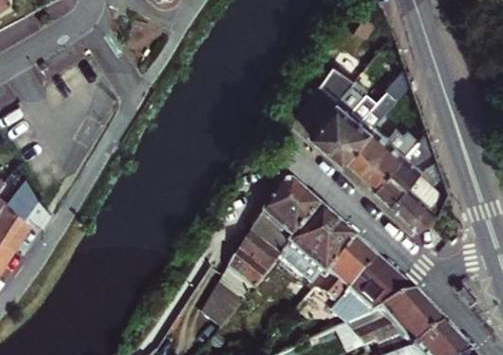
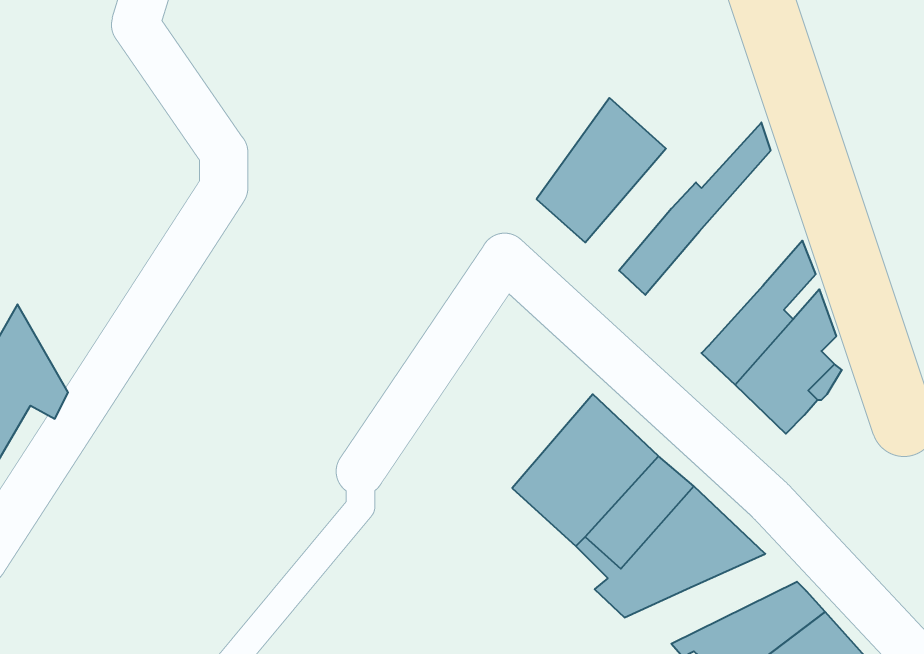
building: [315,80,375,145] -> none
building: [347,119,431,185] -> none
building: [194,187,319,329] -> none
building: [350,296,428,344] -> none

